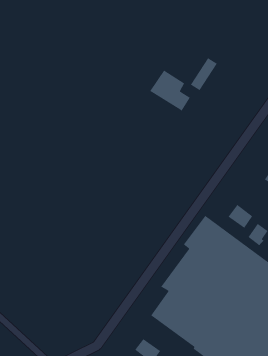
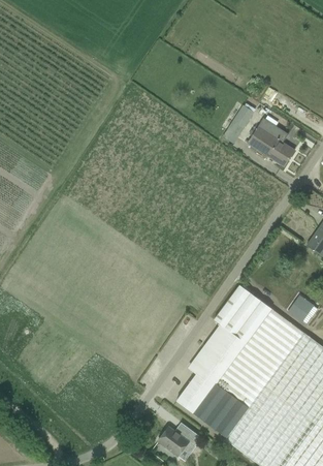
building: [149,70,191,112] -> [247,119,294,167]
building: [228,204,253,229] -> none

